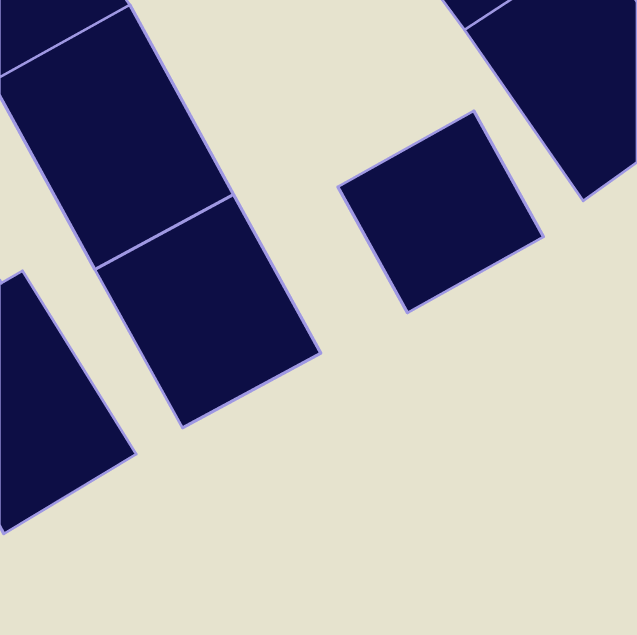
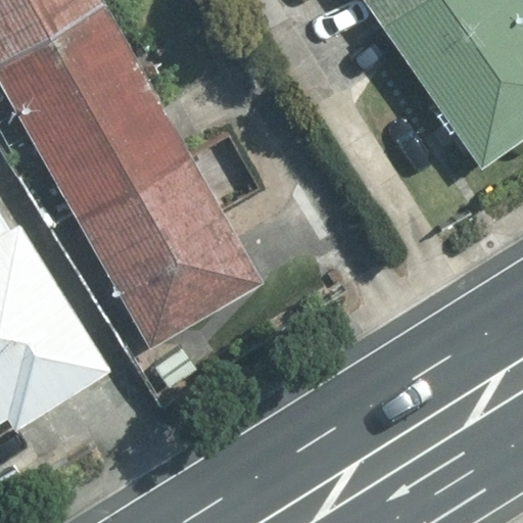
building: [338,111,544,313] -> none

